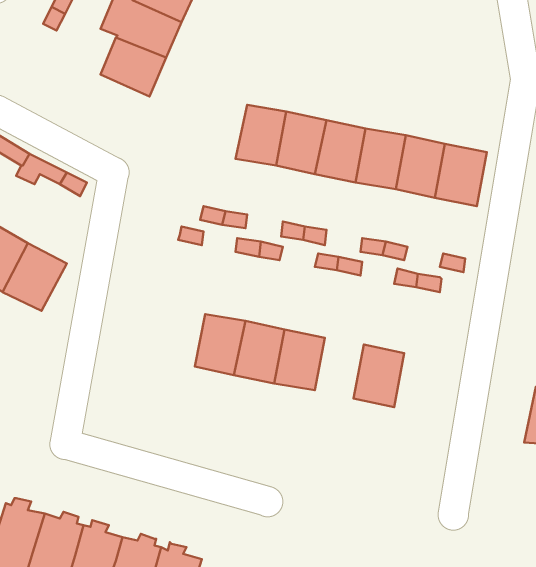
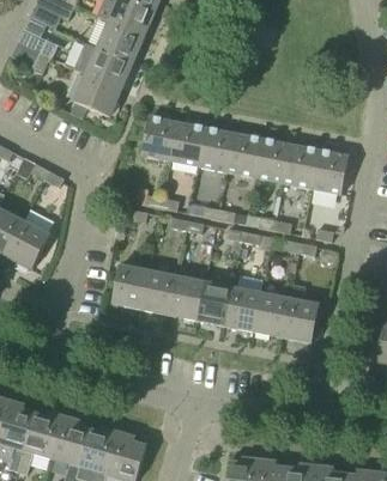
building: none -> [141,116,179,160]
building: none -> [111,264,149,308]
building: none -> [283,284,319,342]
building: none -> [226,287,261,330]

